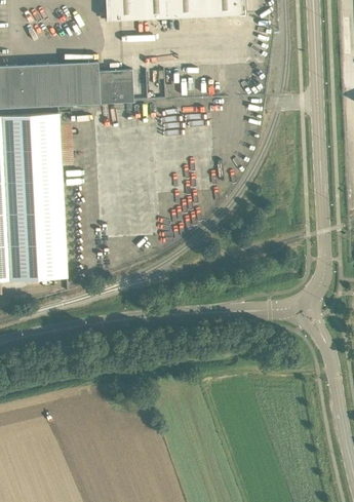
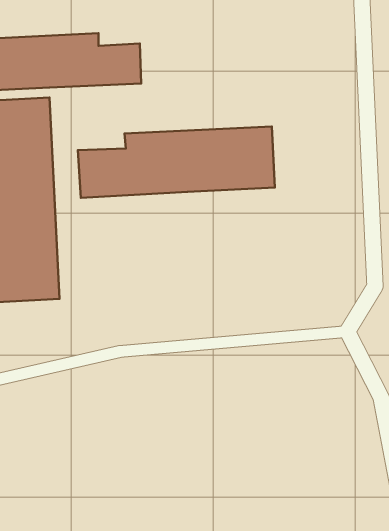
building: none -> [78,126,275,198]

